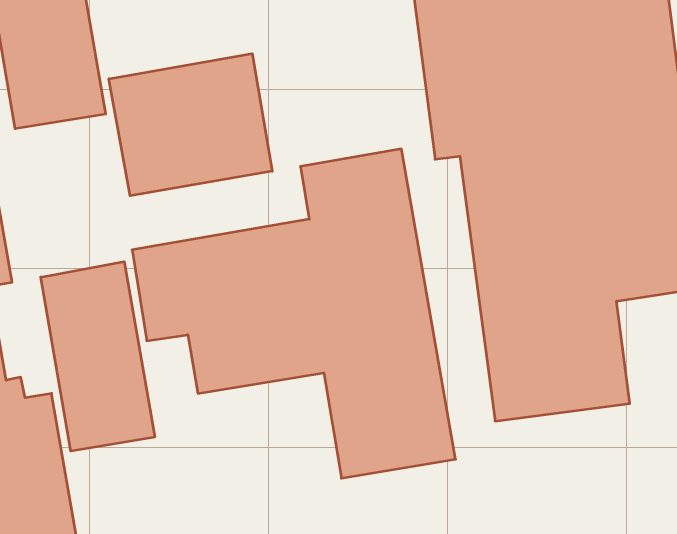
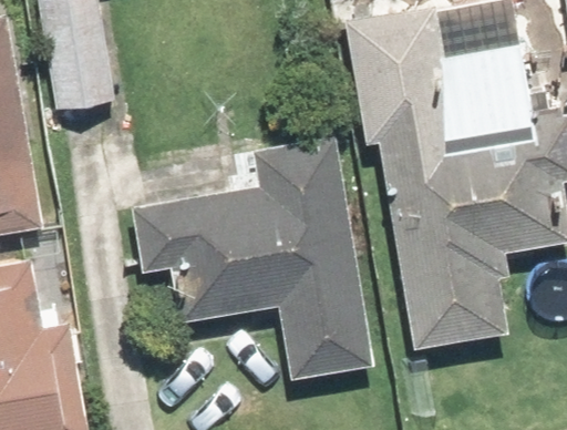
building: [109,54,272,196] -> none
building: [41,262,155,451] -> none

